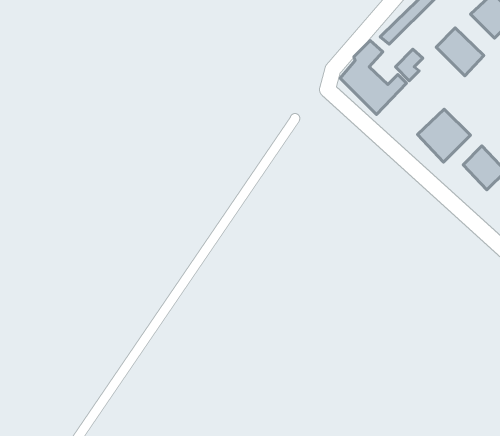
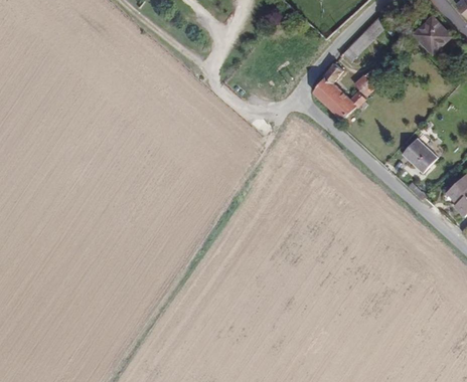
building: [436,28,484,76] -> none
building: [417,109,470,162] -> none

